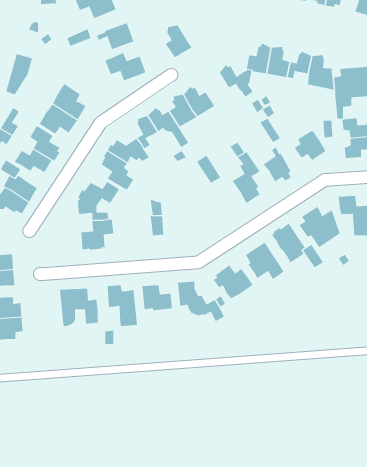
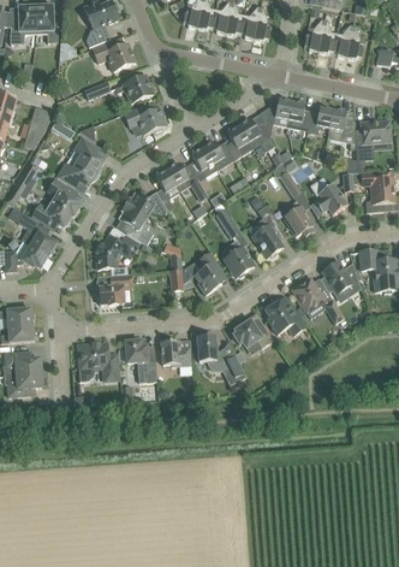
building: [165,25,192,58] -> [225,125,252,159]
building: none -> [221,240,254,277]
building: none -> [193,252,221,294]

